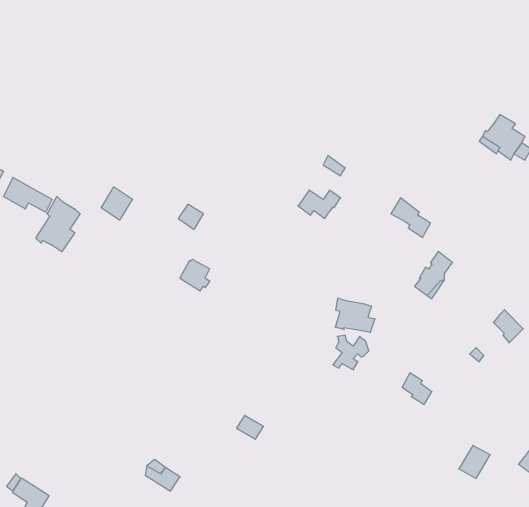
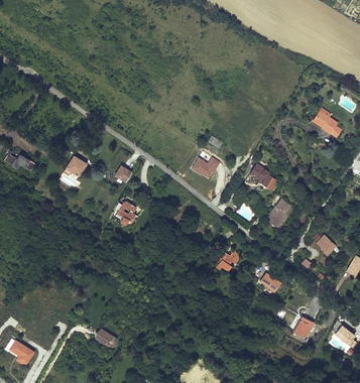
building: [36,197,80,252] -> none
building: [335,298,375,333] -> none

